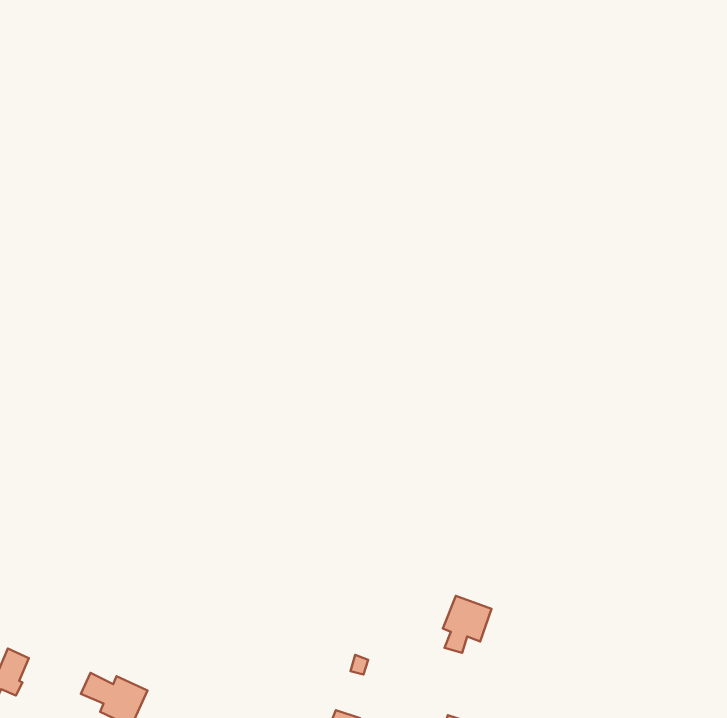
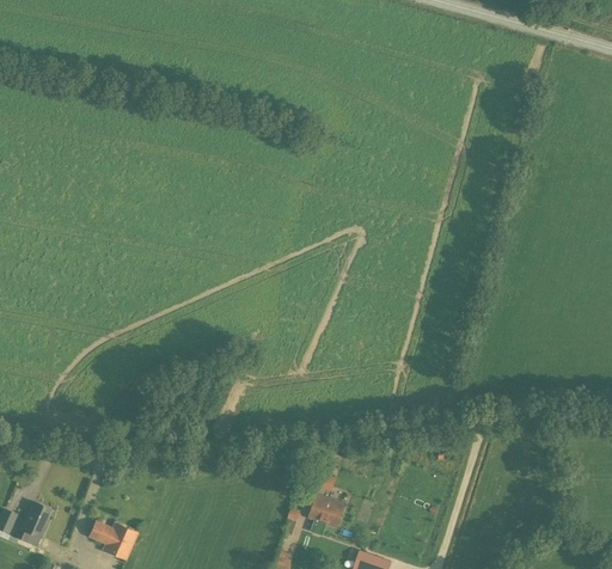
building: [443,596,491,653] -> [308,492,344,534]

